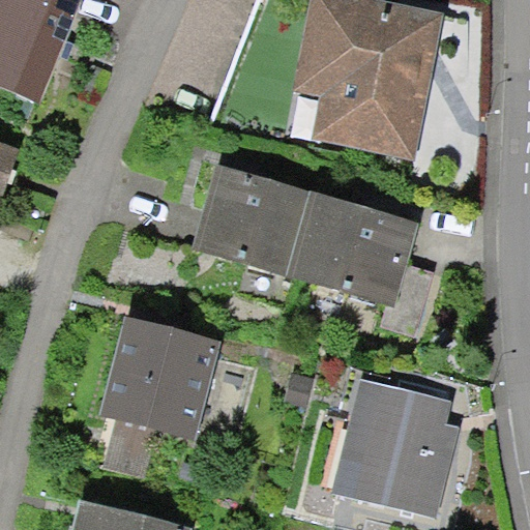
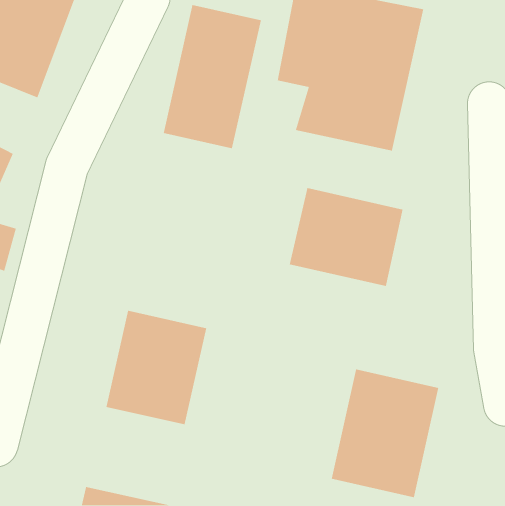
building: none -> [163,4,262,149]
building: [204,173,319,275] -> none

